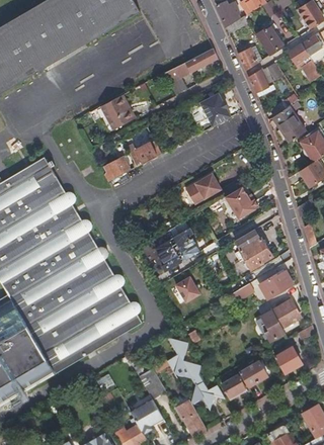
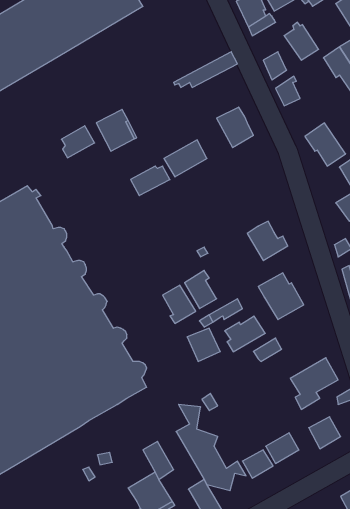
building: [102,156,130,182] -> [61,126,95,158]
building: [184,174,220,204] -> [164,140,207,177]
building: [260,271,294,300] -> [225,316,265,352]

